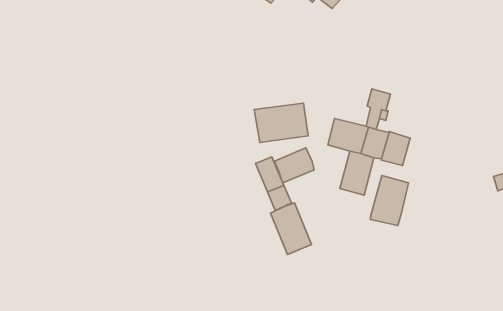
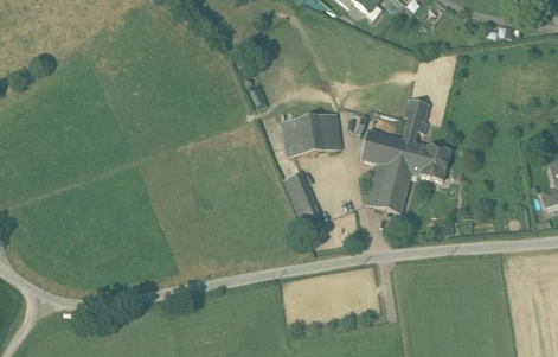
building: [274,148,314,183] -> none
building: [370,176,408,225] -> none
building: [271,203,312,255] -> none

